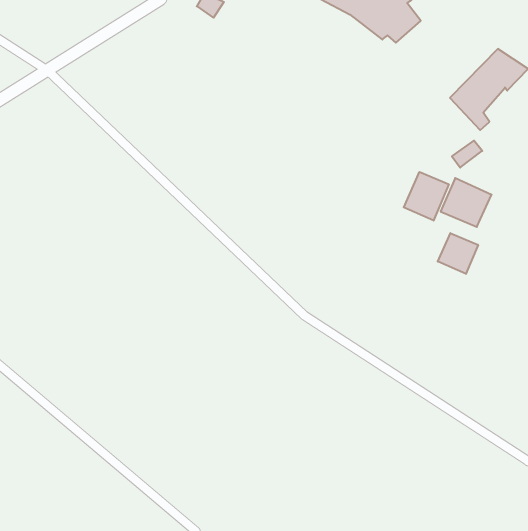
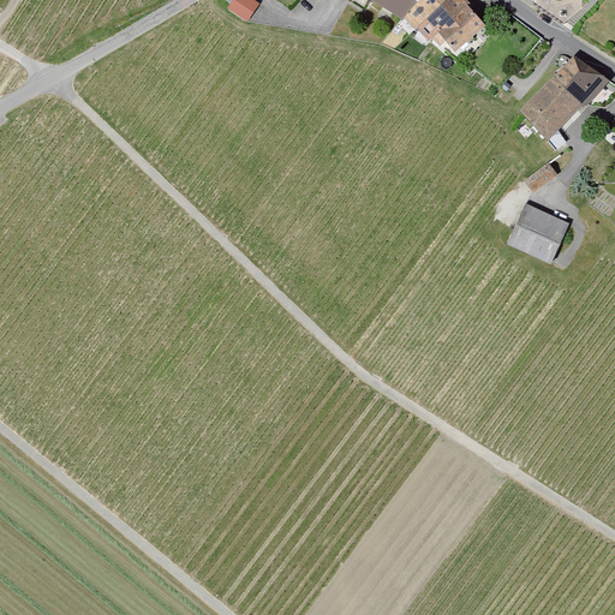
building: [404,172,449,221] -> none
building: [438,233,478,274] -> none

